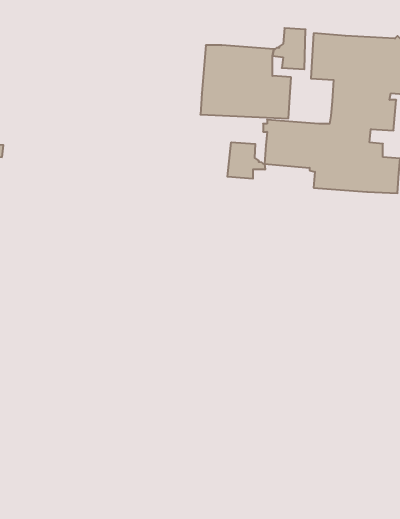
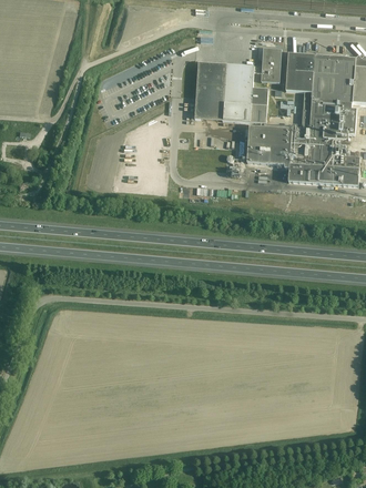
building: [227,142,265,179] -> none

